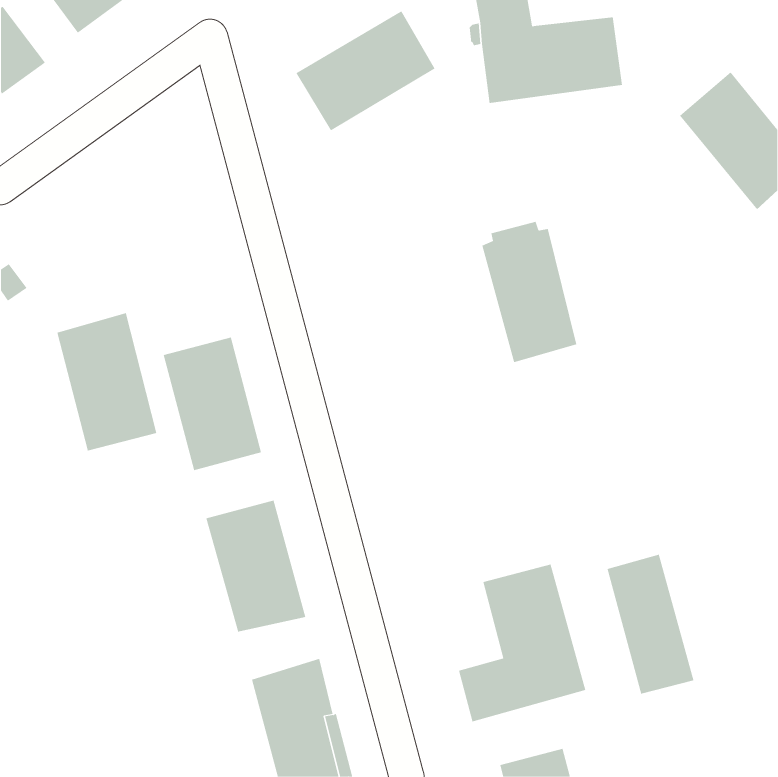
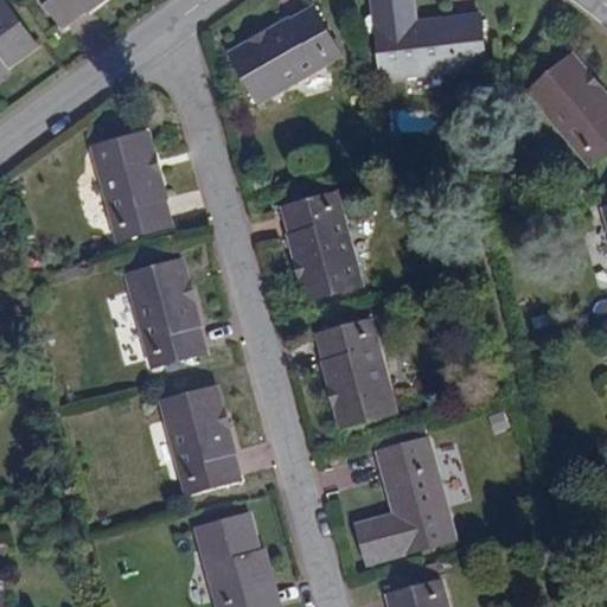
building: [481,221,577,363] -> [283,189,358,299]
building: [57,313,157,451] -> [92,133,171,241]
building: none -> [318,321,392,426]
building: [607,554,694,695] -> none

